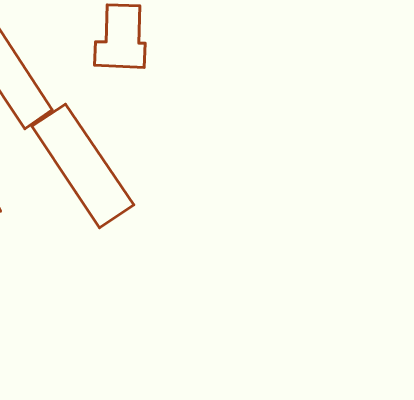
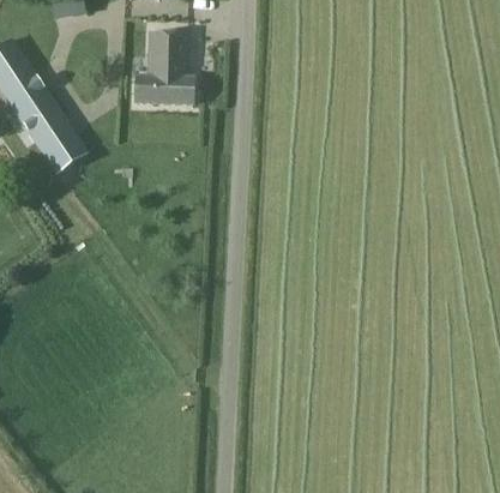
building: [32,104,134,228] -> none

